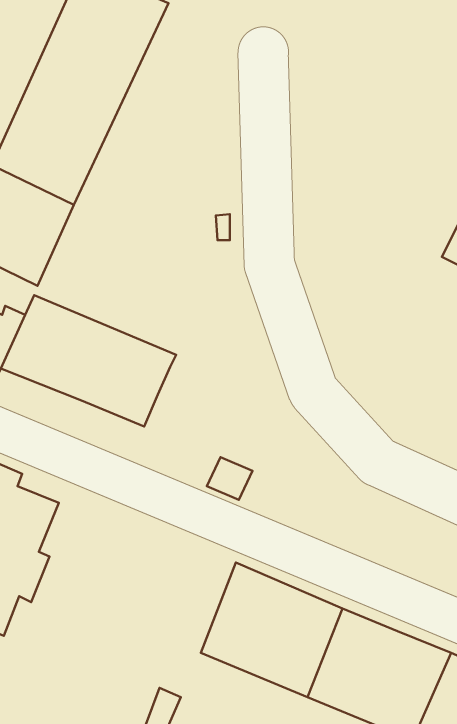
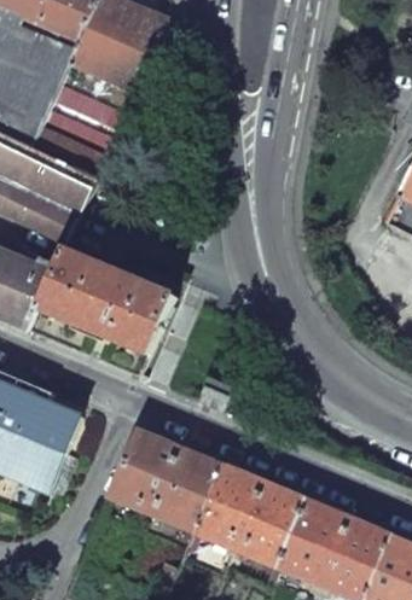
building: none -> [106,426,220,531]

